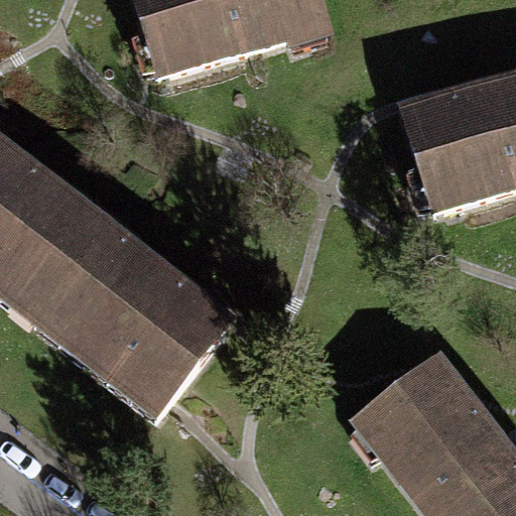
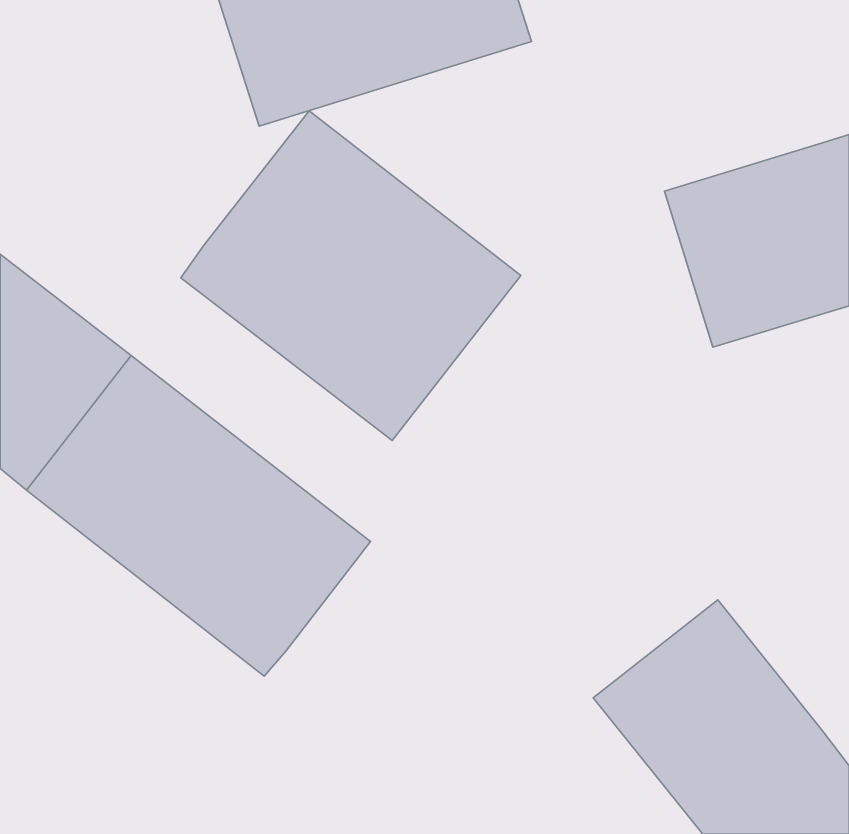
building: none -> [181,111,521,441]

